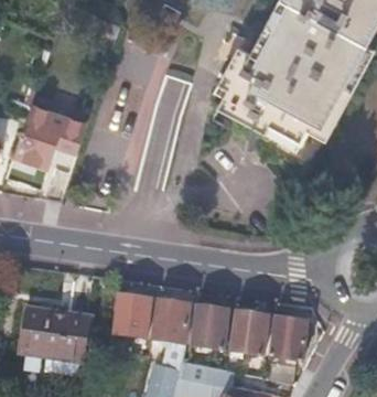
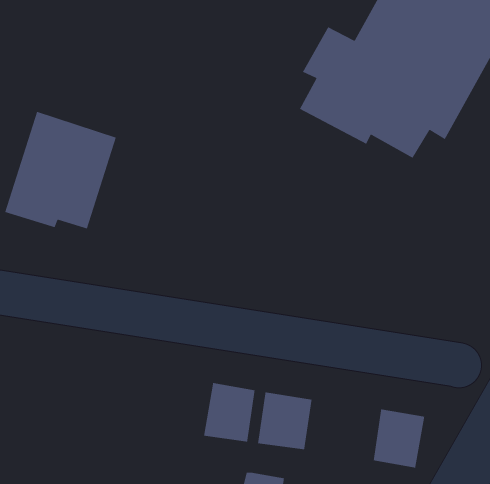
building: [114,291,153,334] -> none
building: [228,309,270,353] -> none
building: [24,310,90,361] -> none

